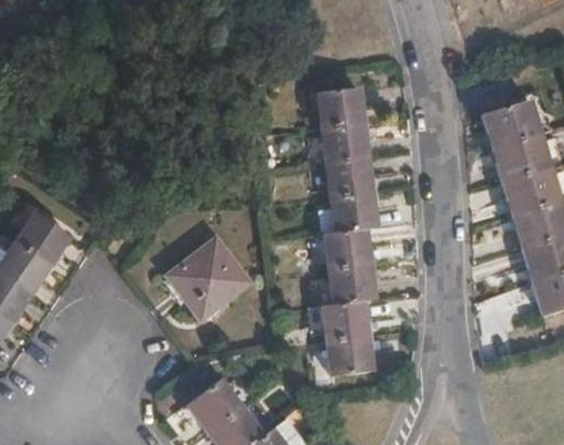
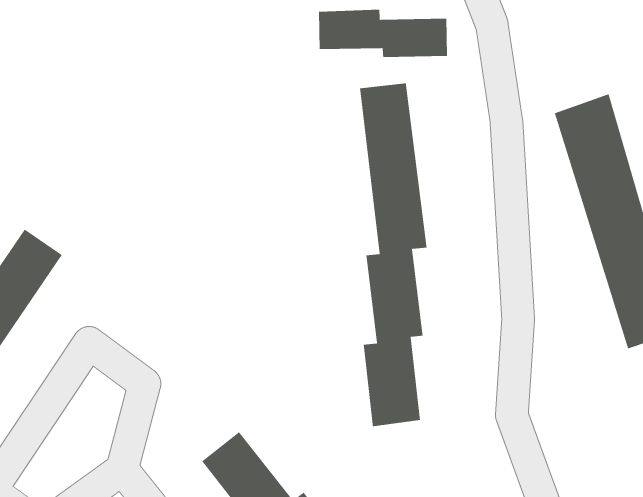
building: none -> [318,9,448,58]
building: [168,240,250,319] -> none

